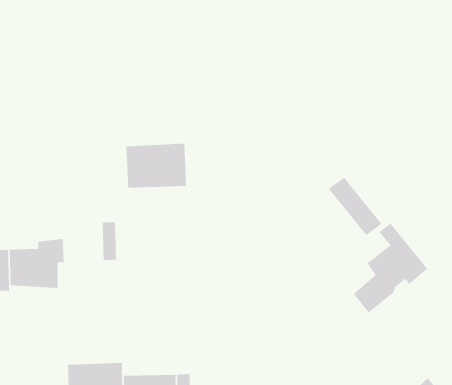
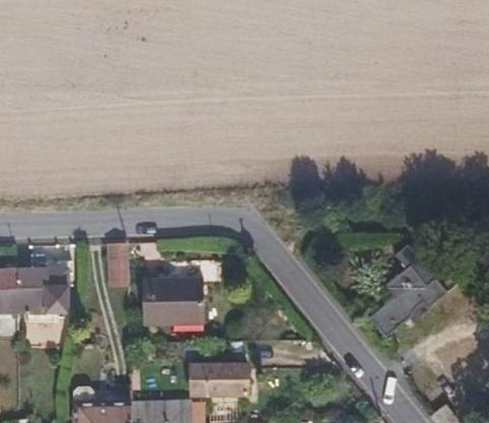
building: [126,143,187,188] -> [142,277,205,323]
building: [328,176,383,236] -> none
building: none -> [190,365,246,396]

